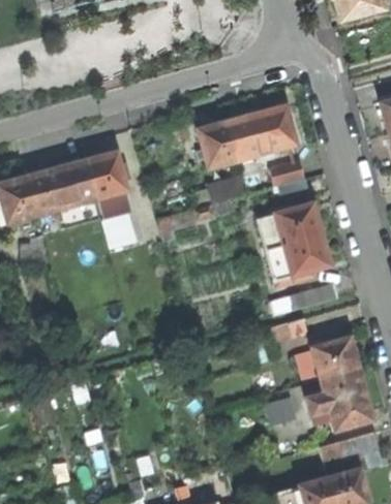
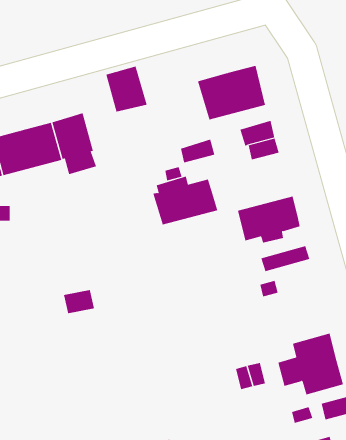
building: [198,122,239,167] -> [105,66,148,112]
building: [258,200,322,249] -> [153,176,218,225]
building: [309,337,358,379] -> none

